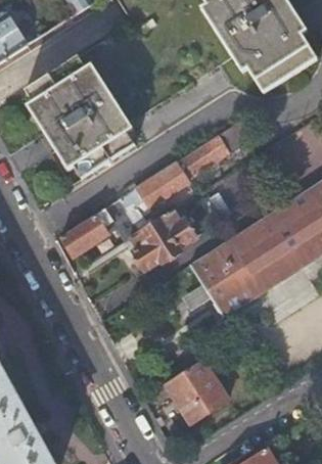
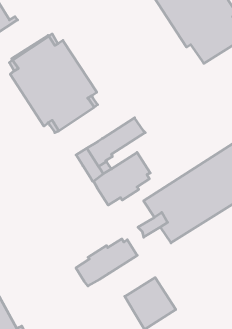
building: [178,124,251,178] -> none
building: [60,207,113,257] -> none
building: none -> [76,239,137,286]

